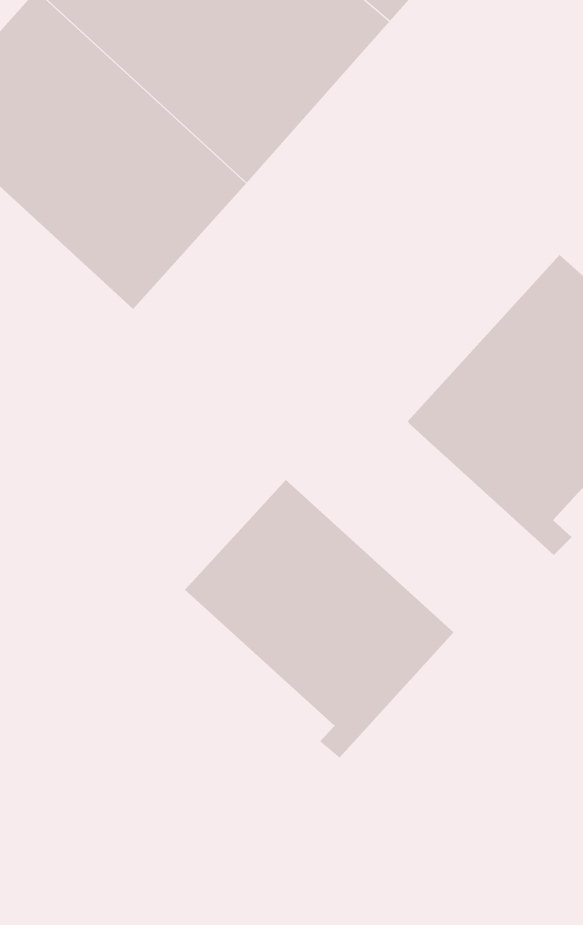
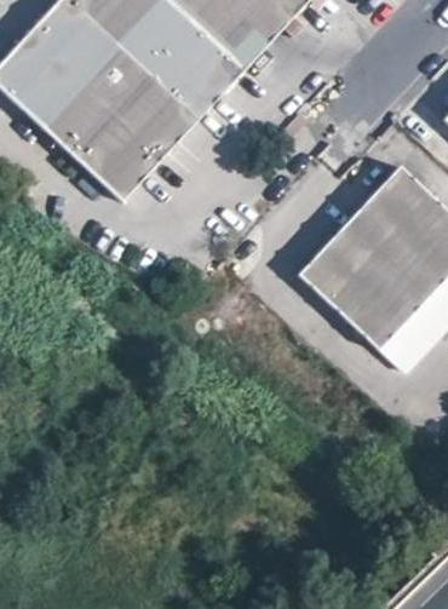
building: [184,479,454,759] -> none

